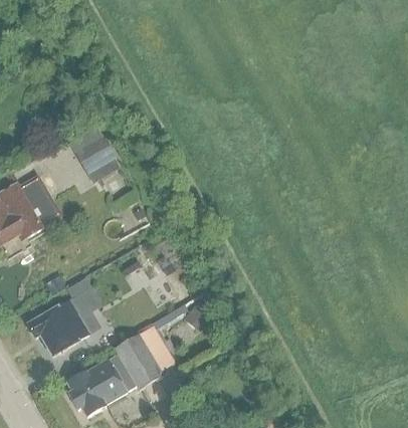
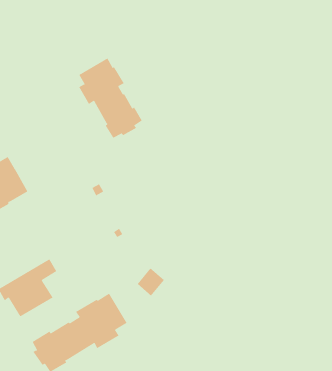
building: none -> [78,58,143,139]
building: [74,132,118,172] -> none

